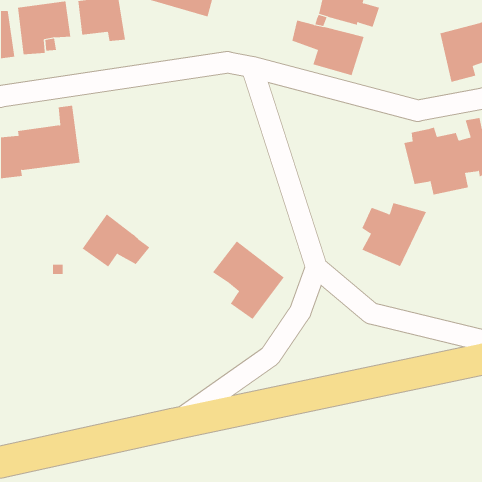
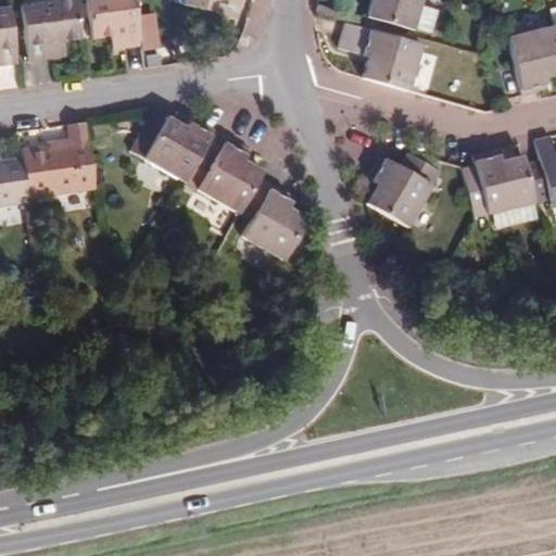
building: none -> [135,118,305,258]
building: [362,203,427,267] -> [369,148,444,222]
building: [82,213,150,268] -> none
building: [212,241,284,320] -> none

